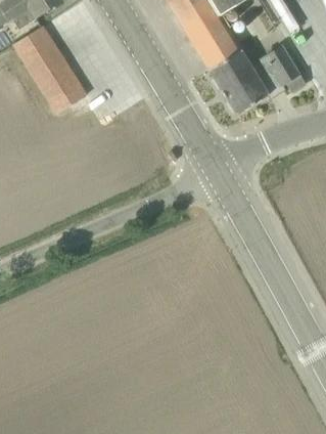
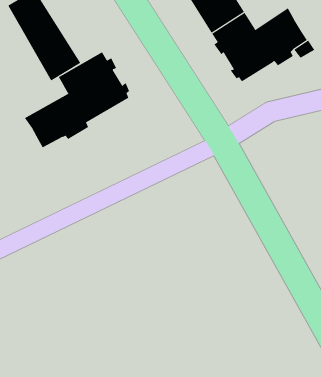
building: none -> [24,51,130,148]

